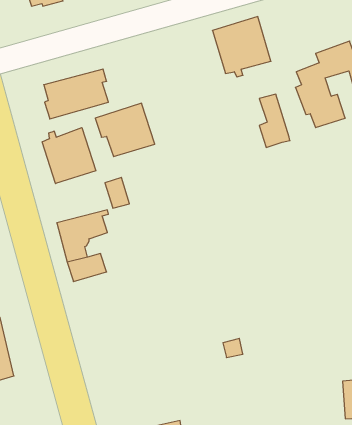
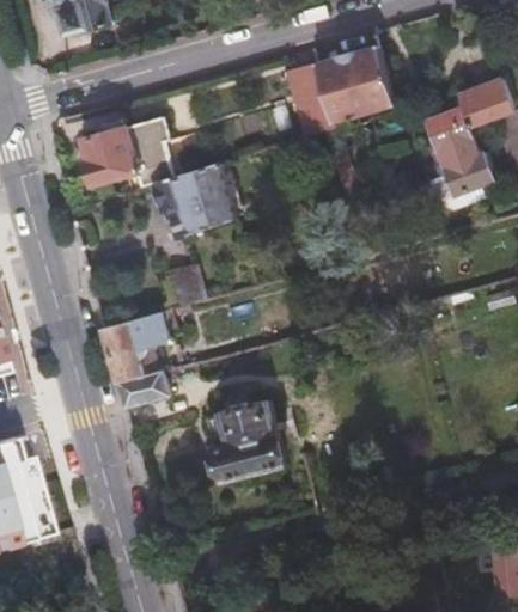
building: [259,94,290,147] -> [292,63,334,136]
building: [42,128,96,184] -> none
building: none -> [209,398,285,476]

